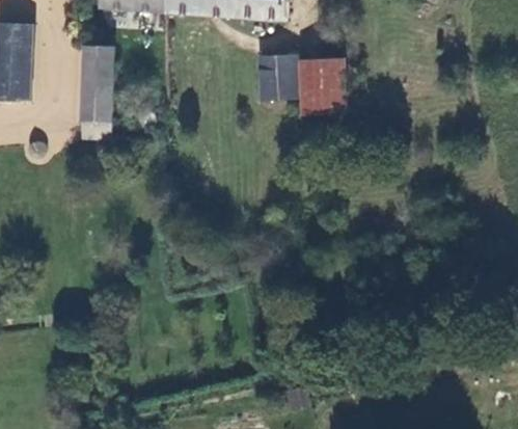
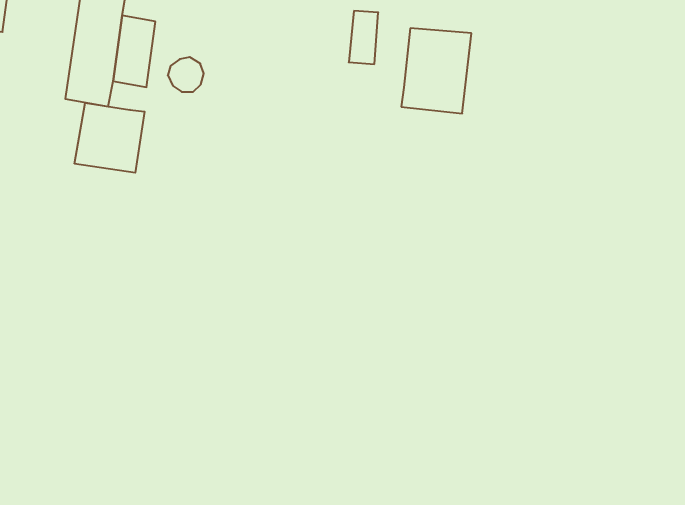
building: [272,56,295,103] -> none
building: none -> [75,103,145,173]

